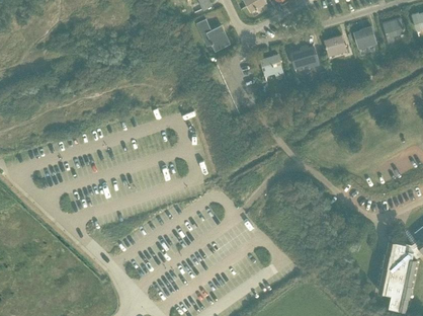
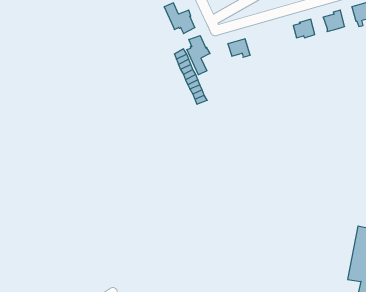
building: [289,45,318,66] -> none
building: none -> [187,36,210,75]

